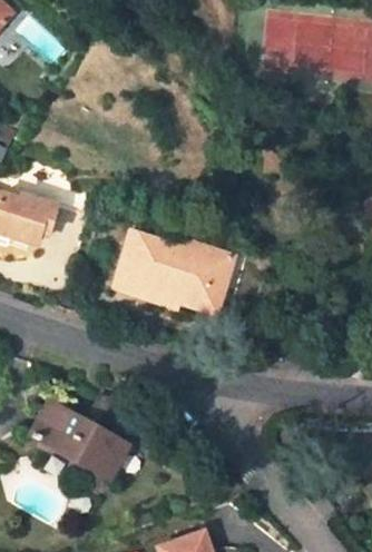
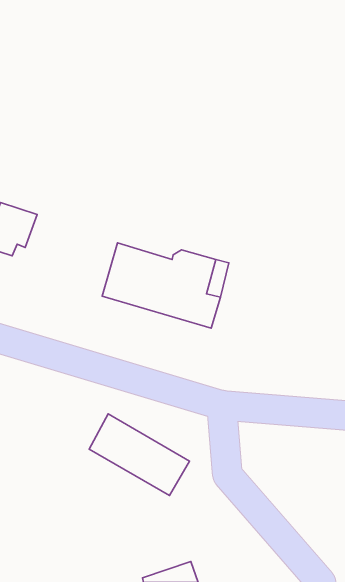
building: [30,401,125,477] -> [89,414,190,495]

